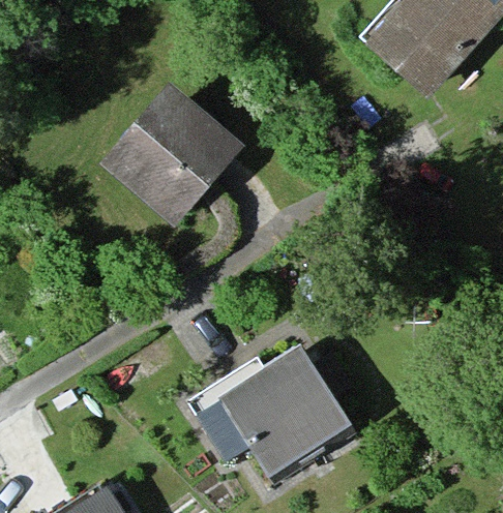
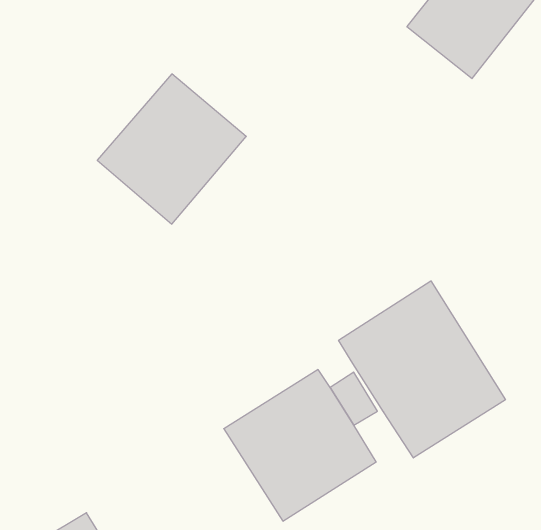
building: none -> [339,281,505,458]

